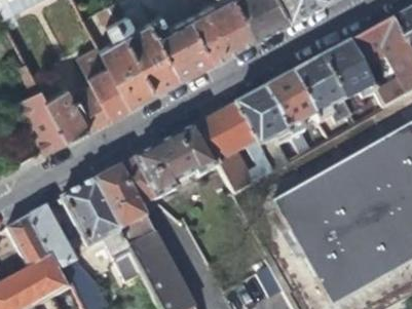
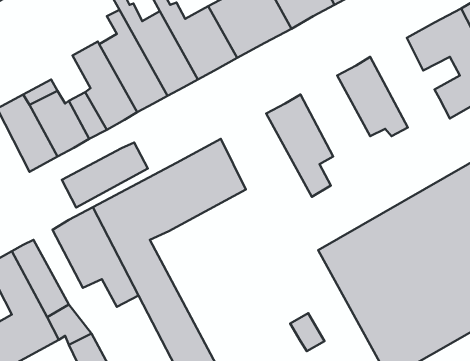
building: [320,40,376,113] -> none
building: [263,71,320,154] -> none
building: [198,102,272,191] -> none
building: none -> [62,143,148,207]

